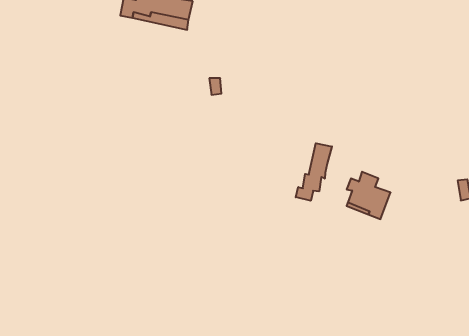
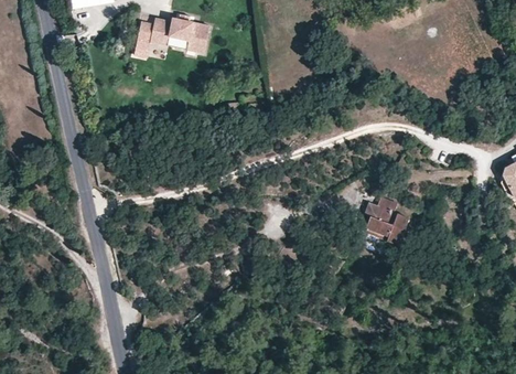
building: [296,143,332,201] -> none

